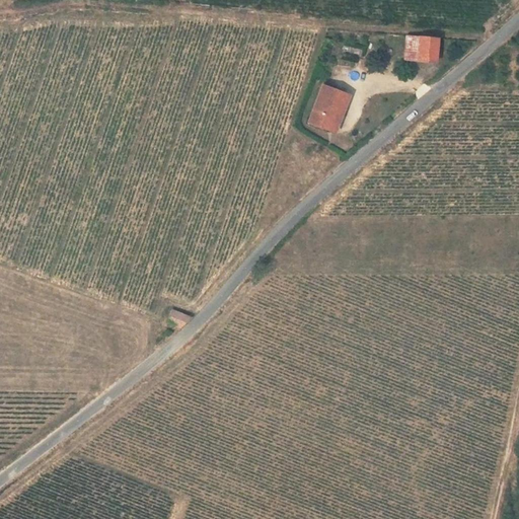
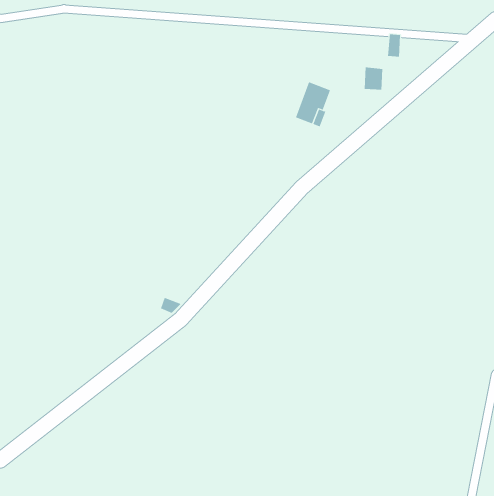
building: [420,36,440,61] -> [364,67,383,90]

